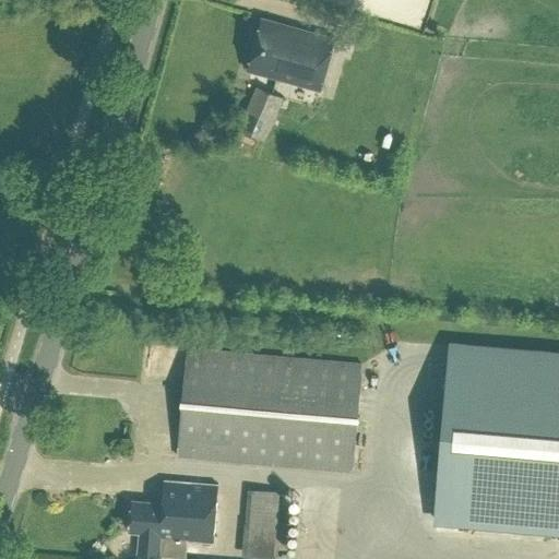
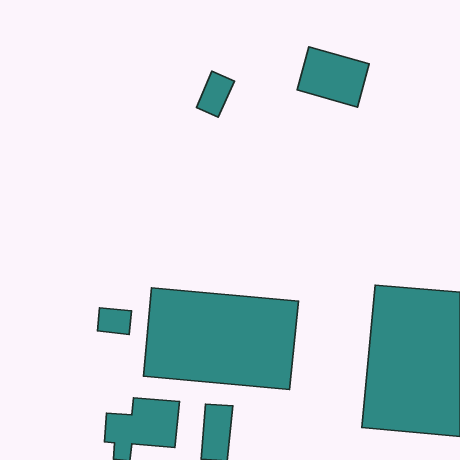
building: [247,21,334,94] -> [297,47,369,107]
building: none -> [97,308,131,335]

